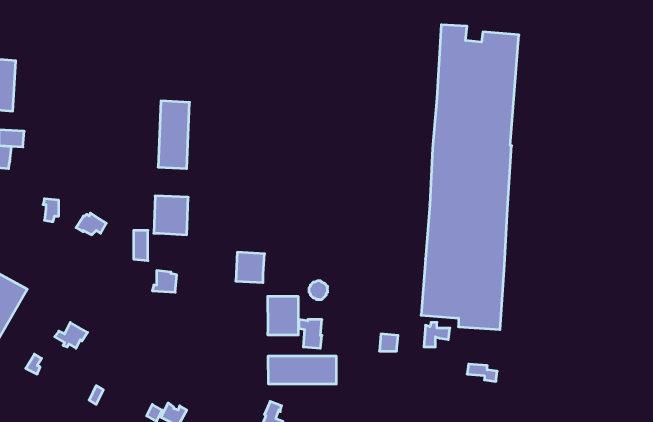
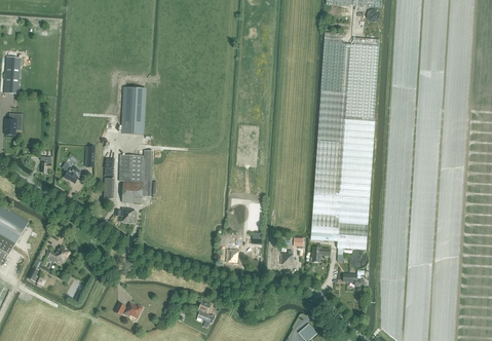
building: [236,252,265,283] -> [121,181,142,202]
building: [268,296,298,335] -> none
building: [268,356,336,384] -> none

